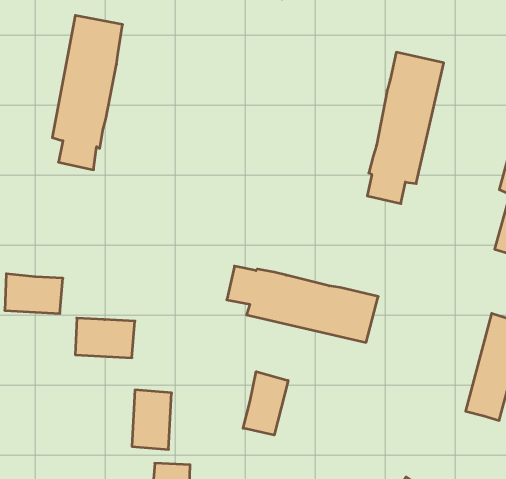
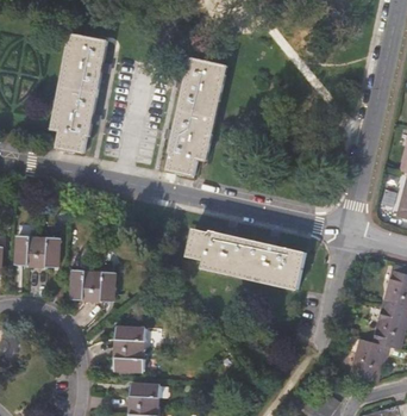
building: [367,52,444,204] -> [167,58,226,176]
building: [243,372,288,435] -> none
building: none -> [350,339,387,381]

